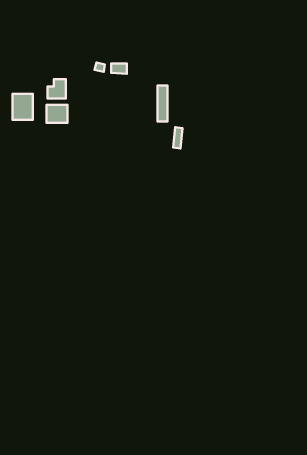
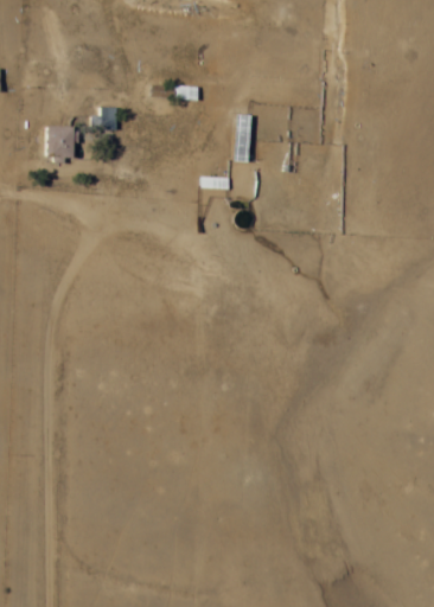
building: [46,105,68,123] -> none

